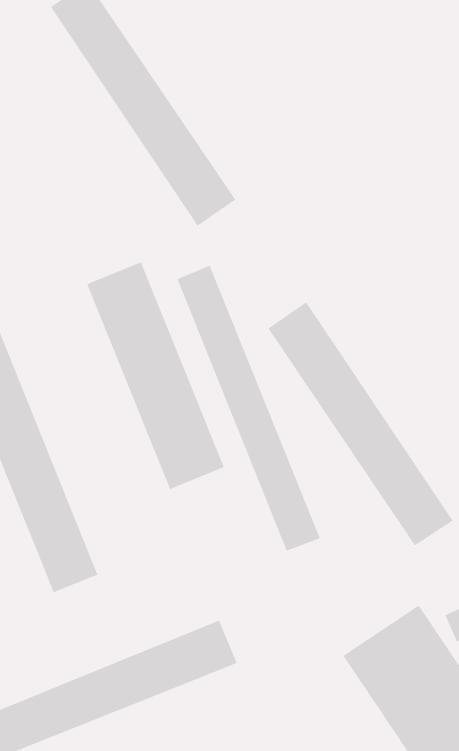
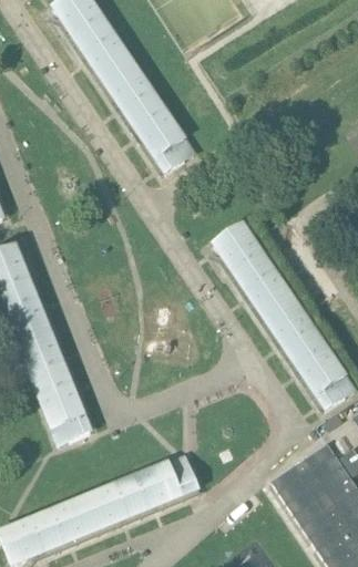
building: [87,261,224,490] -> none
building: [177,265,321,551] -> none

